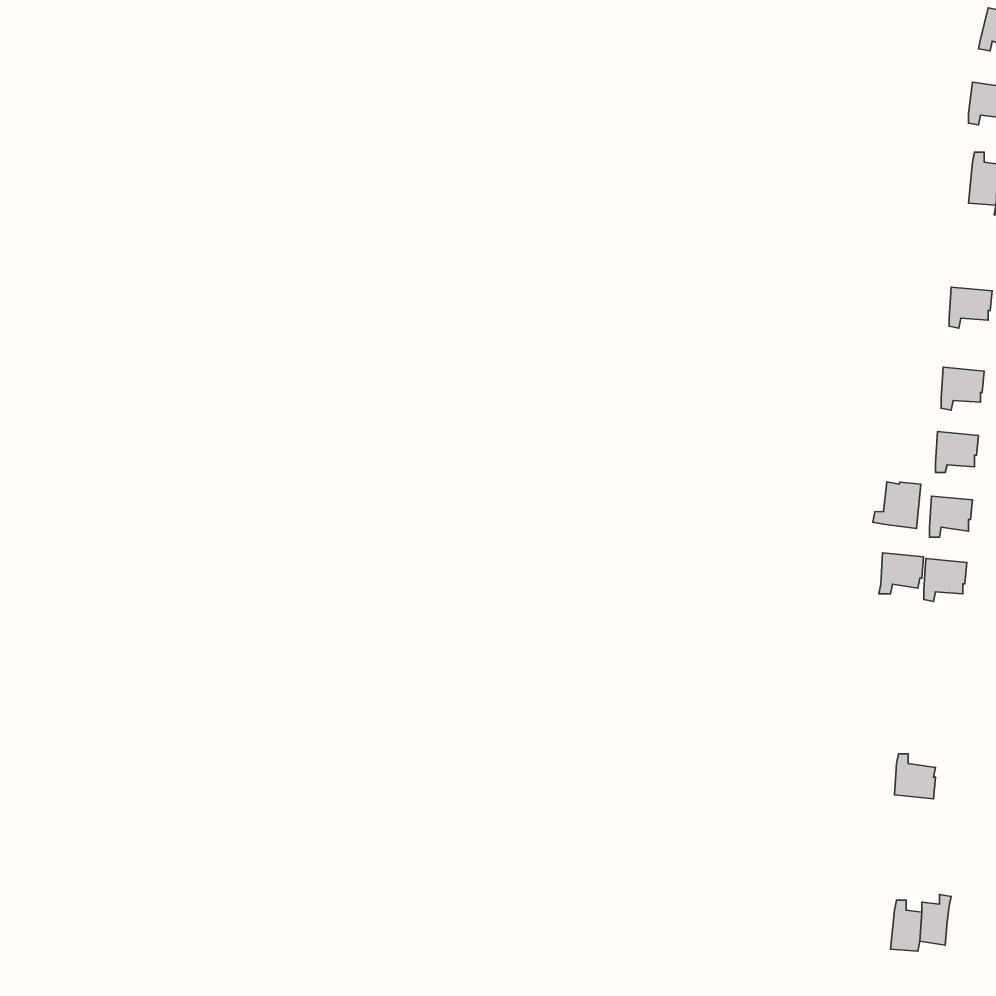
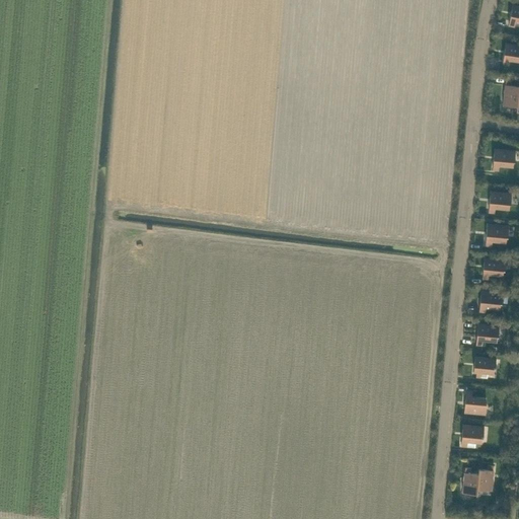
building: [873,482,921,529] -> none
building: [879,553,924,594] -> [476,324,500,346]
building: none -> [474,358,497,379]
building: none -> [462,426,485,448]

